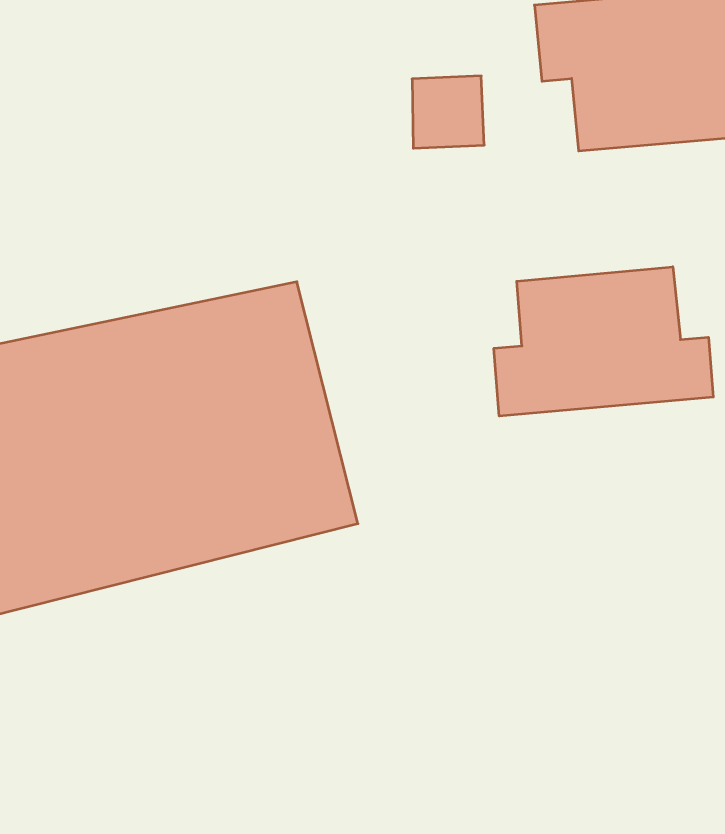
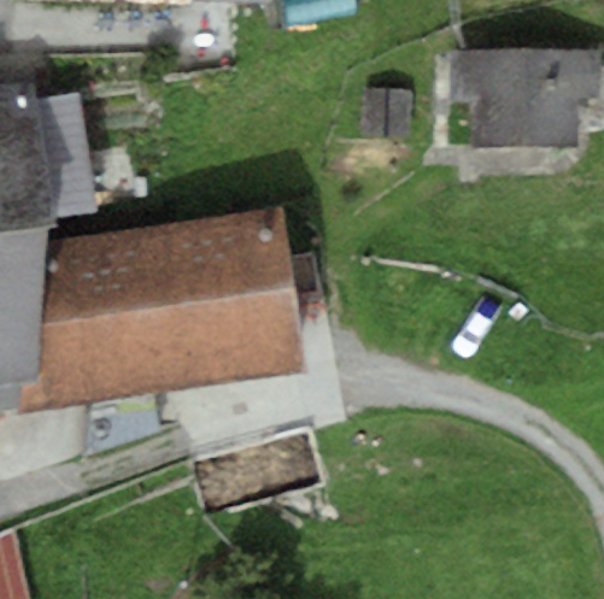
building: [494,267,713,416] -> none

